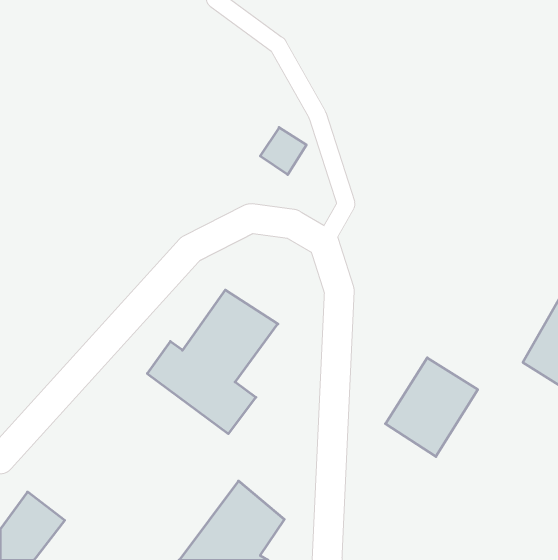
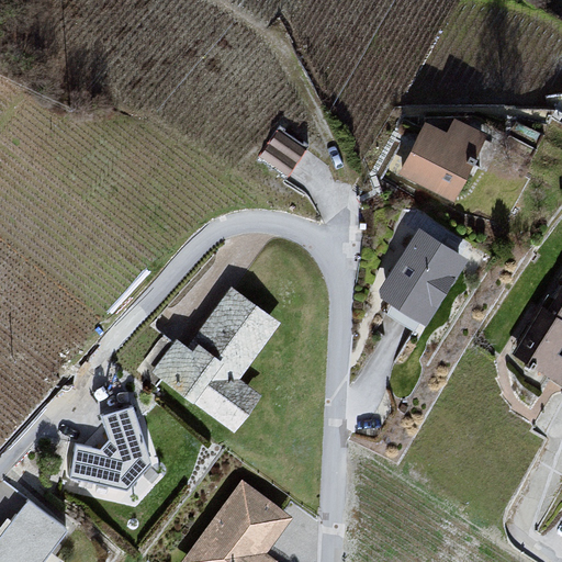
building: none -> [398,120,481,202]
building: [385,358,478,457] -> [379,227,471,326]
building: none -> [68,409,147,491]

